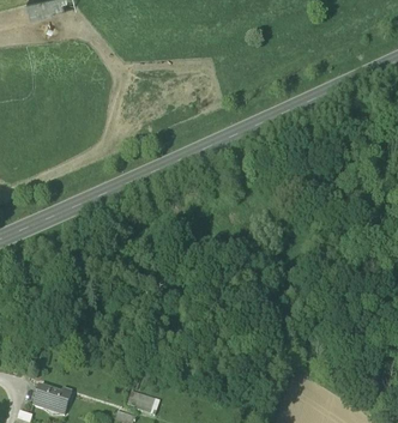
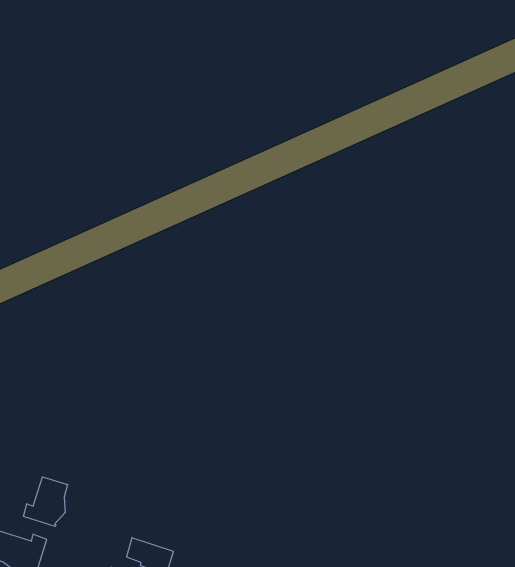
building: none -> [24,477,68,526]

